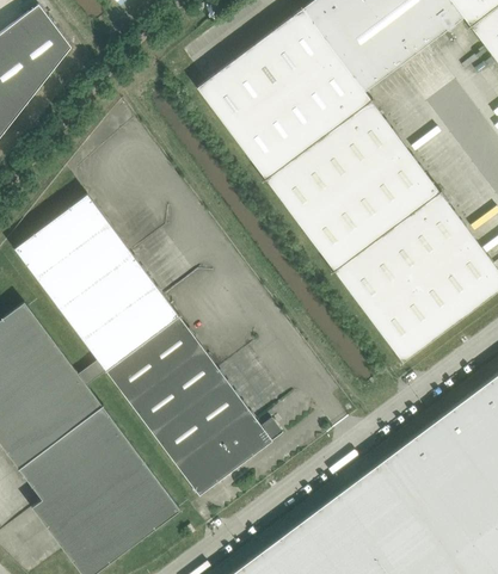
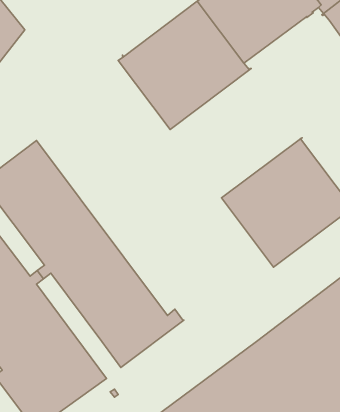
building: [265,98,441,270] -> none

